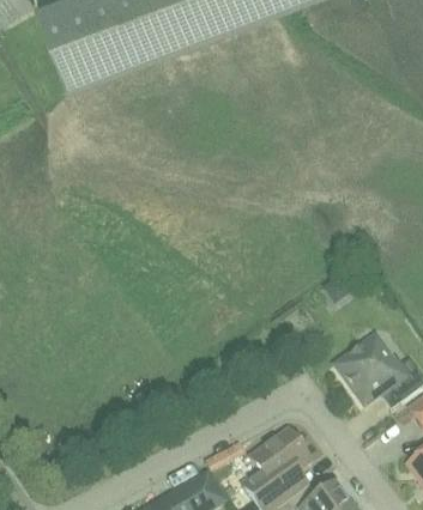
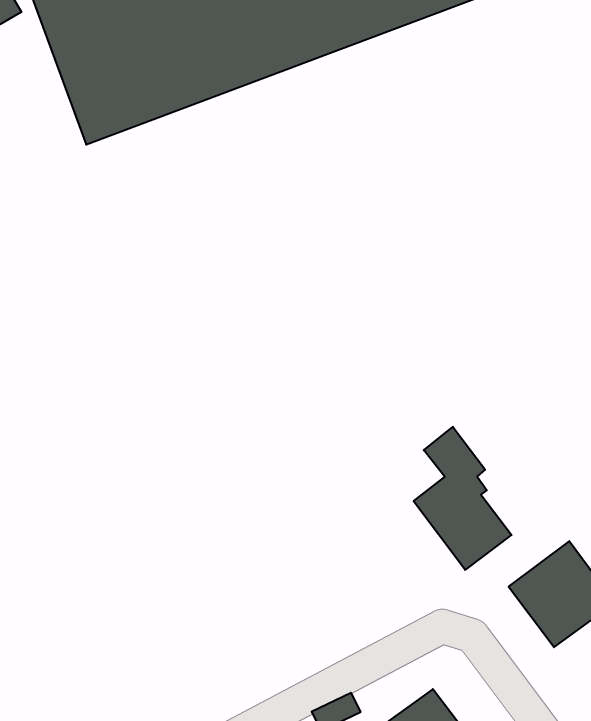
building: none -> [414,427,512,570]

